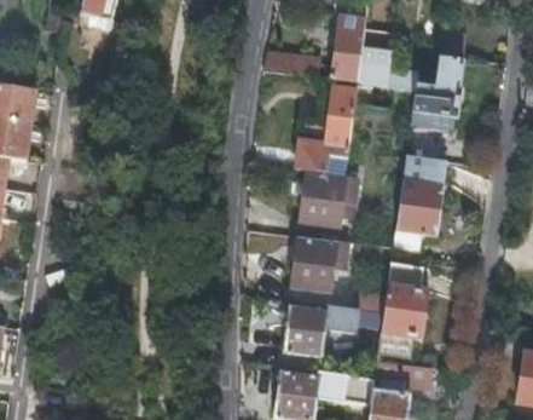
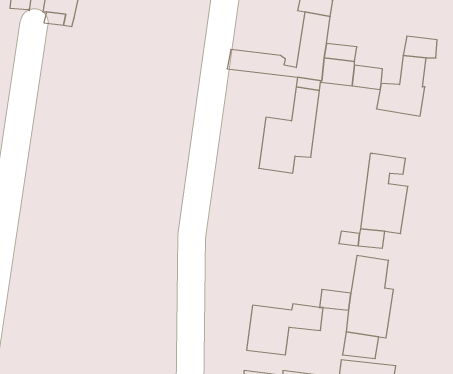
building: [300,176,364,226] -> none
building: [292,238,348,290] -> none

